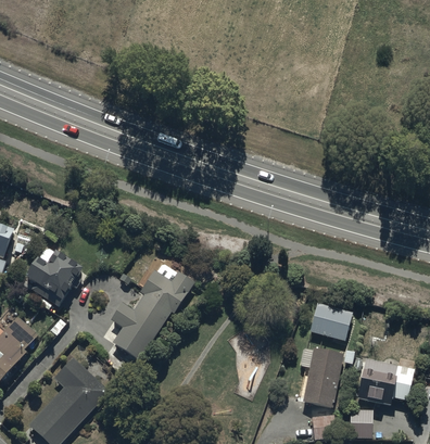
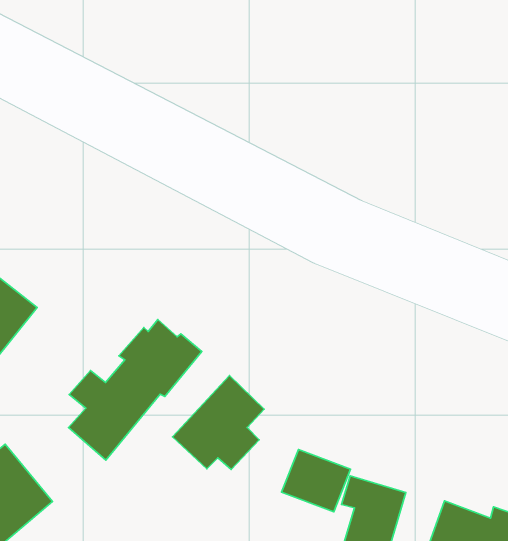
building: none -> [172,376,264,469]
building: [309,303,353,341] -> [282,450,351,512]

